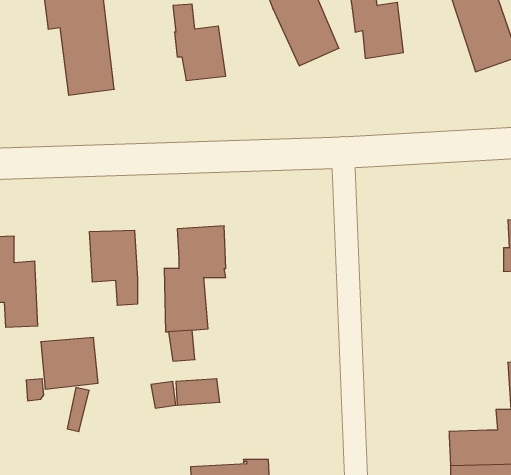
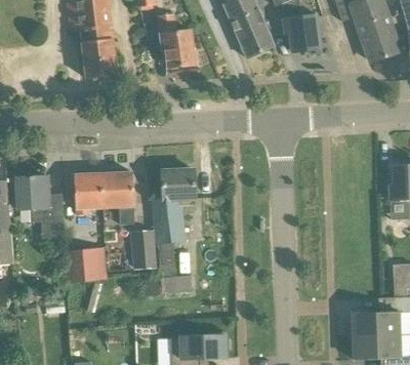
building: none -> [74,172,102,213]
building: none -> [131,229,154,268]

